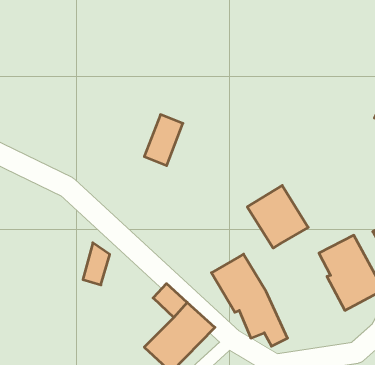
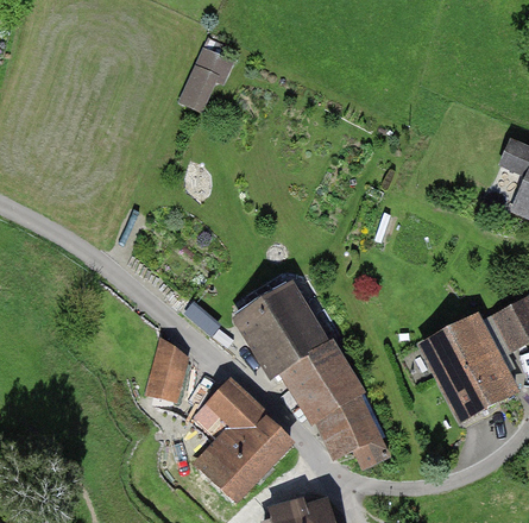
building: [144,115,183,166] -> [181,44,232,112]
building: [247,185,308,248] -> [243,290,323,373]
building: [83,243,110,285] -> [150,342,185,398]

